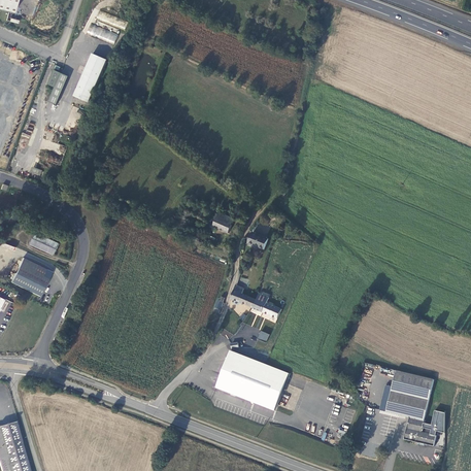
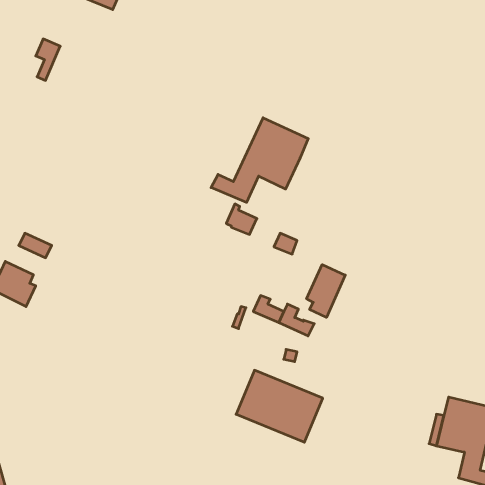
building: [73,53,106,101] -> none
building: none -> [211,118,308,202]
building: none -> [307,265,345,317]

